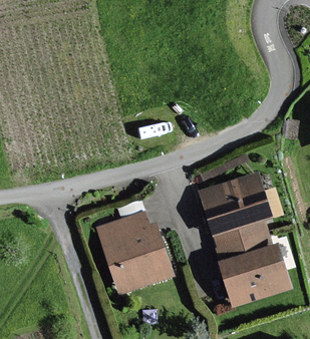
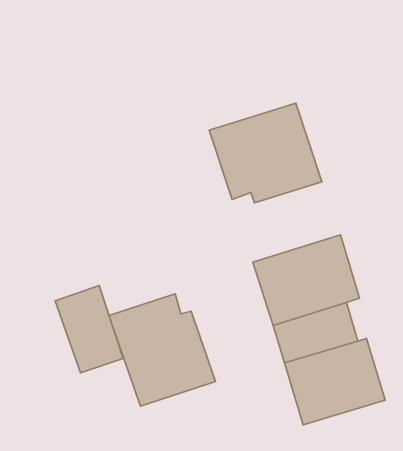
building: none -> [209,103,322,203]
building: none -> [55,286,123,373]

